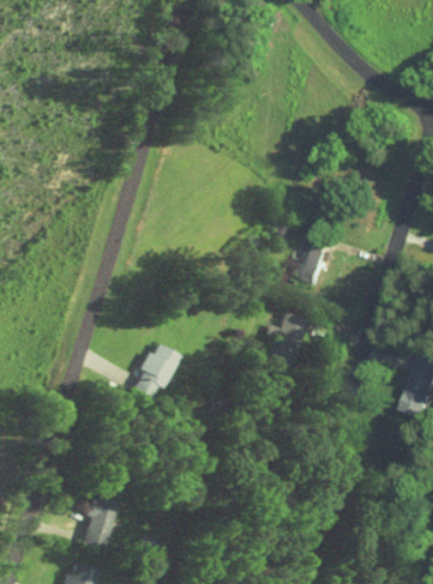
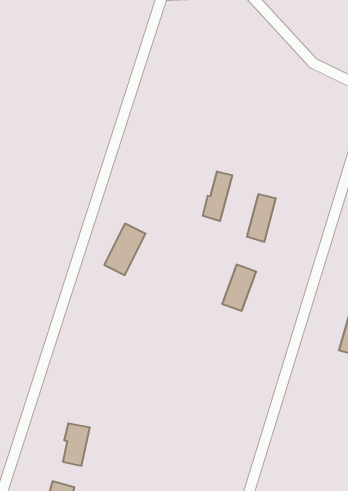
building: none -> [203,171,232,221]
building: [127,342,175,402] -> [104,224,146,275]

